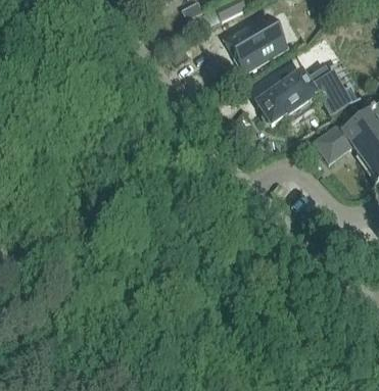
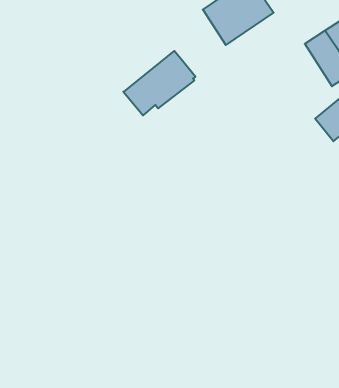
building: [256,70,319,124] -> [123,51,195,115]

